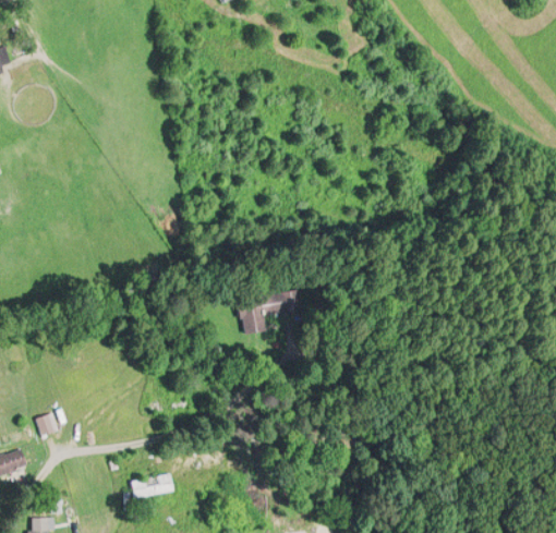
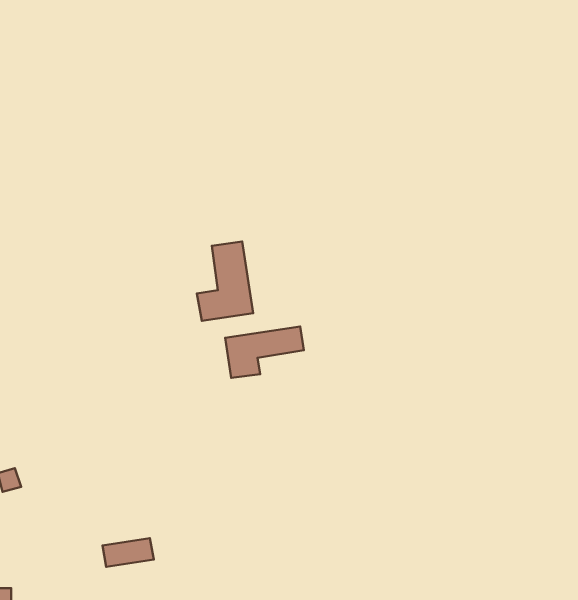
building: none -> [197,241,253,321]

